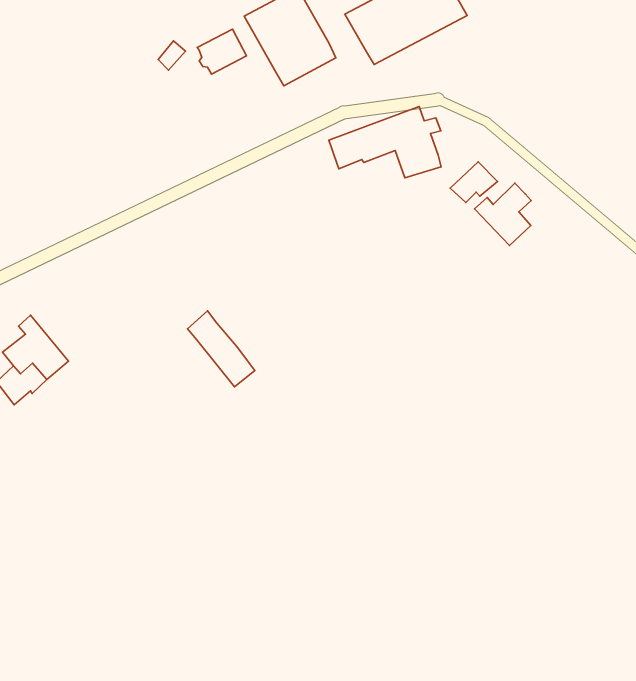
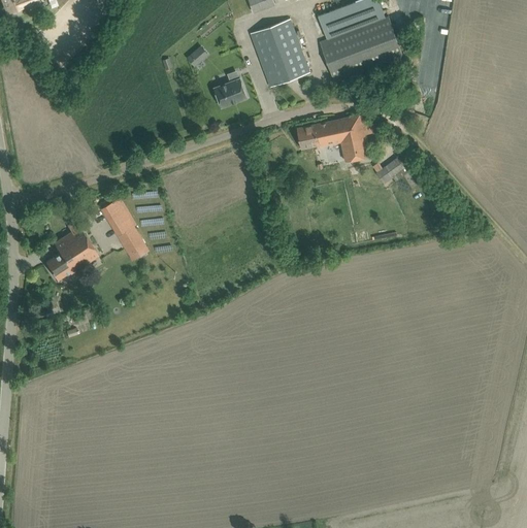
building: [197,29,247,74] -> [213,76,246,105]
building: [475,183,531,246] -> none
building: [187,311,255,387] -> [101,197,143,252]

